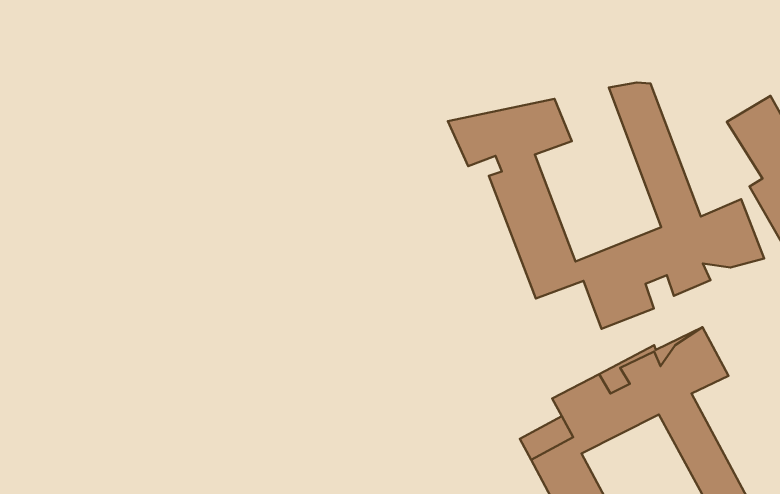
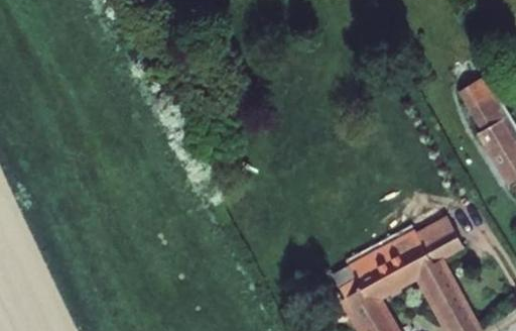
building: [448,83,764,329] -> none

